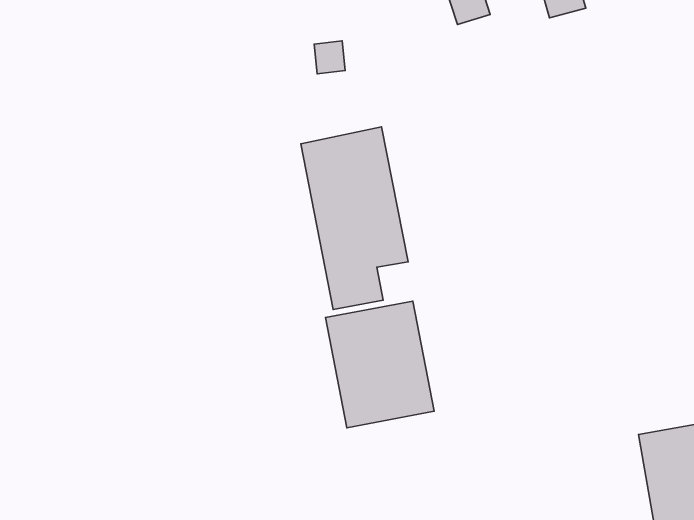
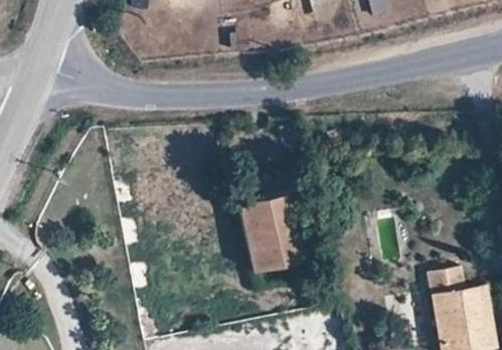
building: [301,127,408,310] -> none

